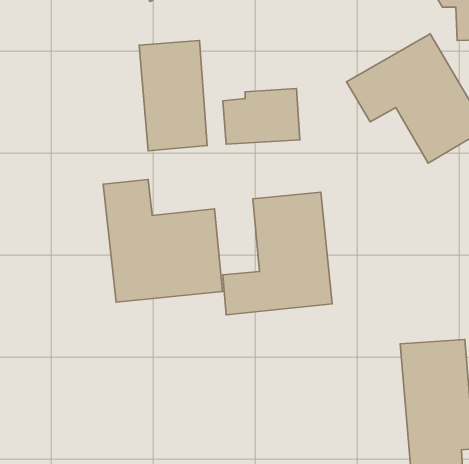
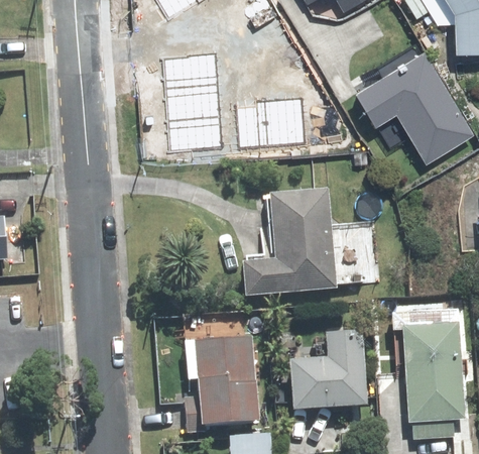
building: [103,179,222,302] -> none
building: none -> [283,331,367,412]
building: none -> [181,336,258,428]

